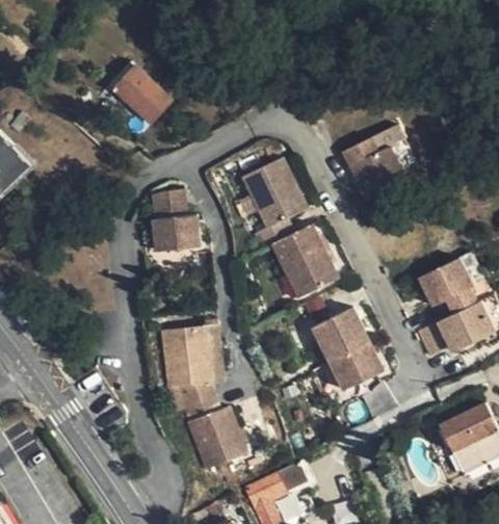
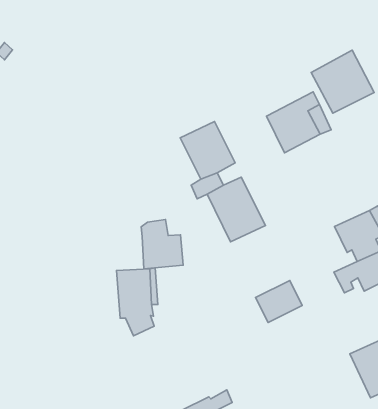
building: [110,70,168,127] -> none
building: none -> [311,50,374,113]
building: [154,199,203,256] -> [141,220,183,269]
building: [311,289,367,359] -> none
building: [185,392,250,471] -> none

